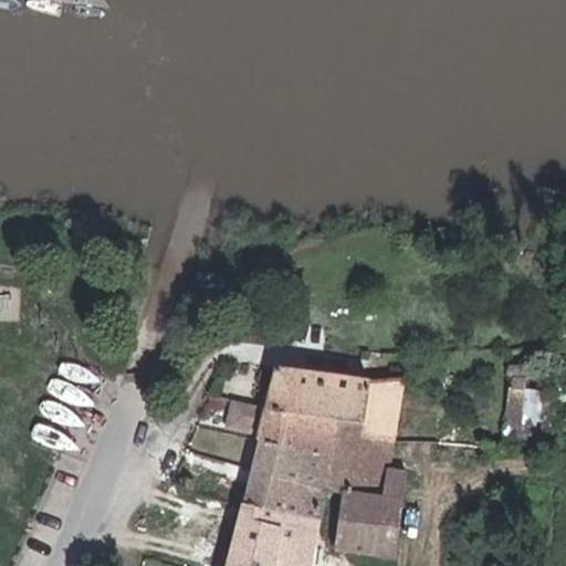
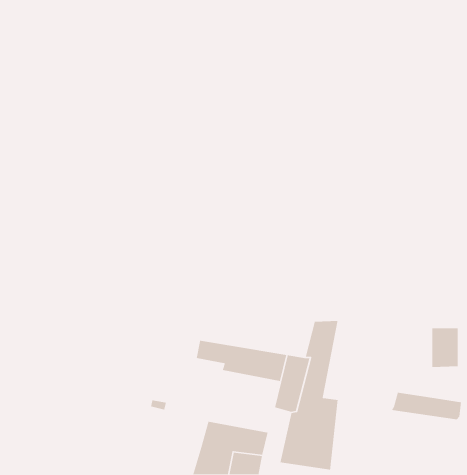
building: [270,368,373,423] -> none
building: [247,439,333,512] -> none
building: none -> [391,392,462,420]

